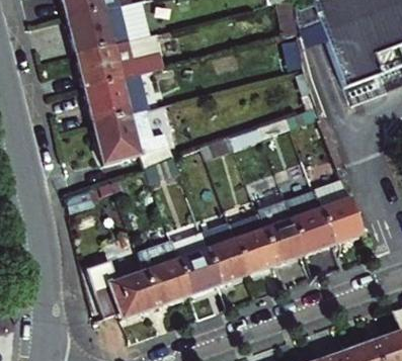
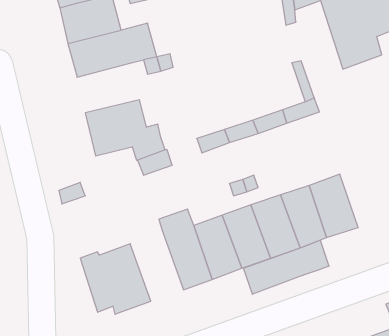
building: [84,71,146,120] -> none
building: [136,236,189,306] -> none
building: none -> [243,240,329,294]

